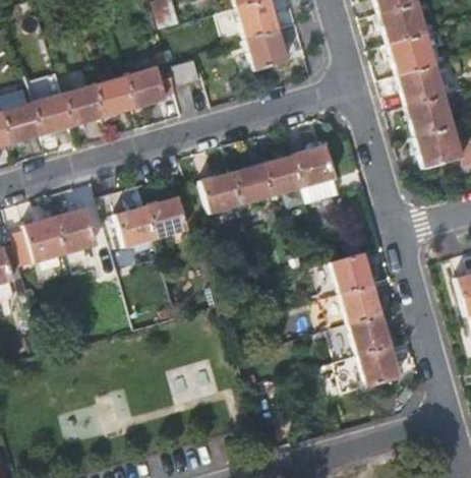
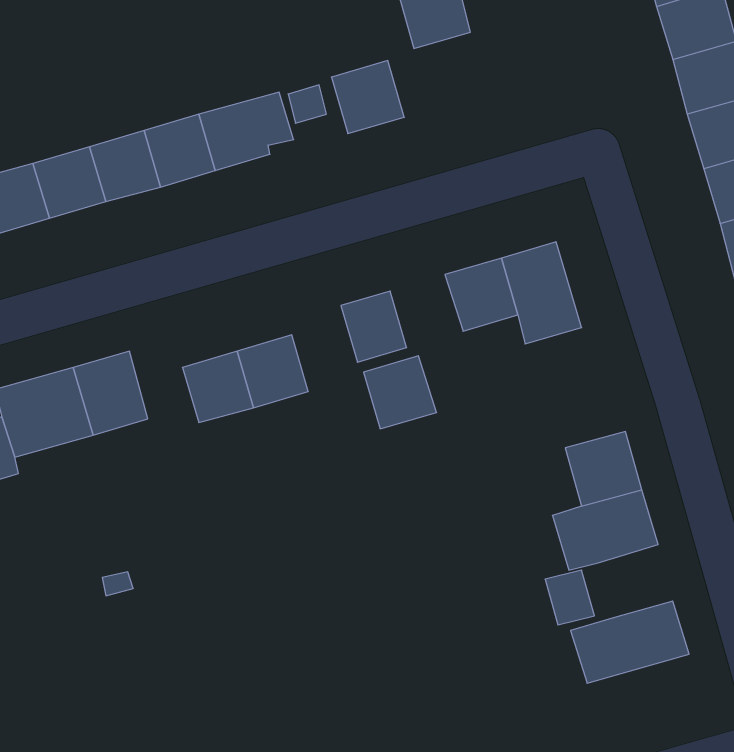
building: [246,28,287,69] -> [331,61,404,134]
building: [233,164,274,204] -> [364,356,437,429]
building: [349,314,391,355] -> none

